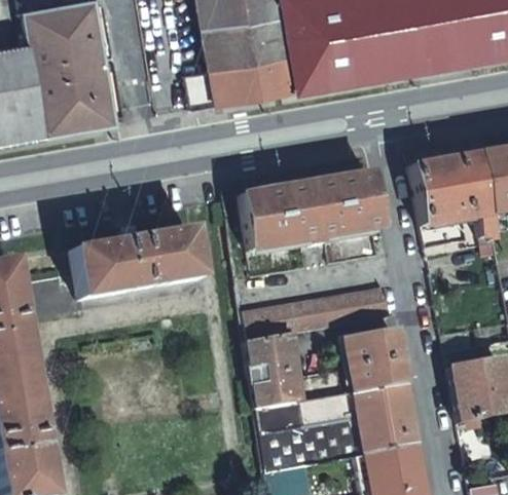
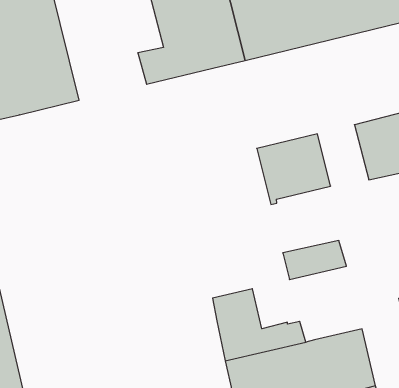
building: [241,183,317,251] -> none
building: [73,229,201,298] -> none
building: [244,296,331,339] -> none
building: [344,331,405,390] -> none

